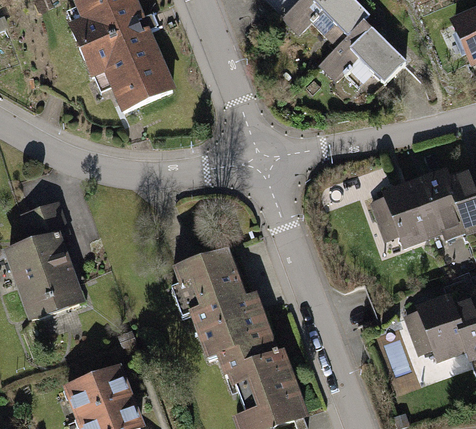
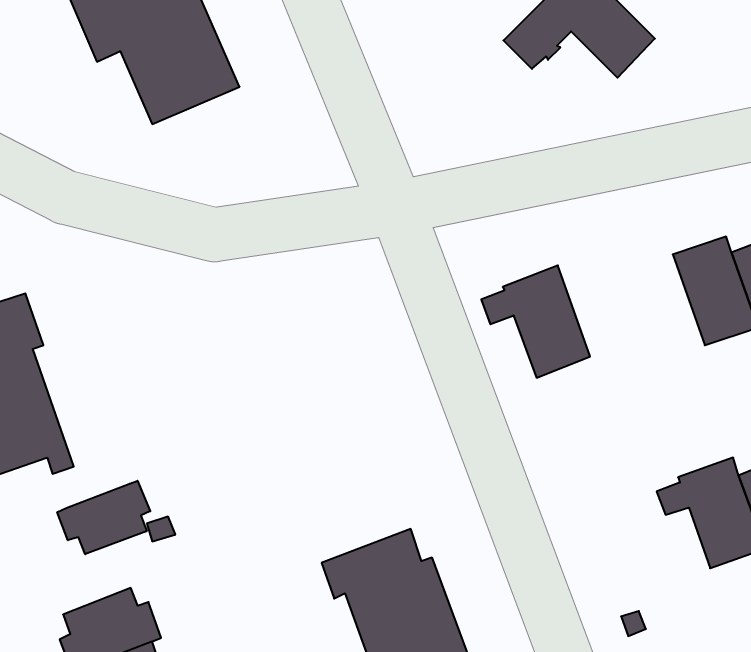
building: [373,182,434,245] -> [481,265,590,378]
building: [177,252,269,358] -> none
building: none -> [57,481,150,554]

